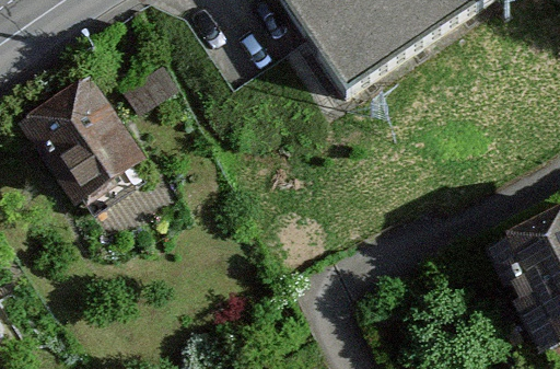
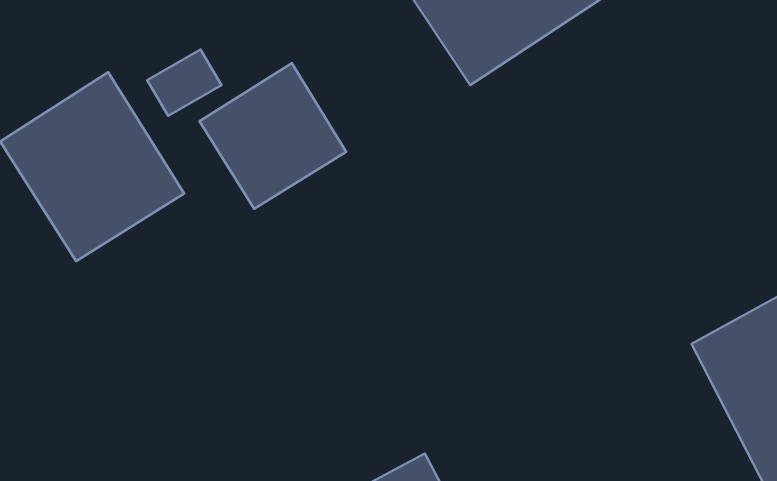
building: none -> [199,63,346,209]

